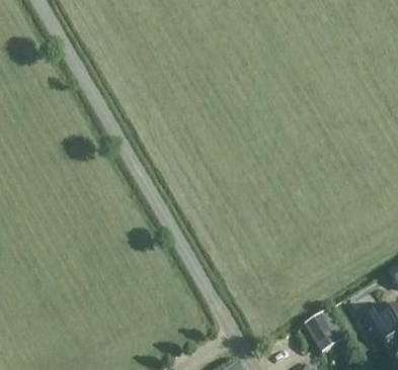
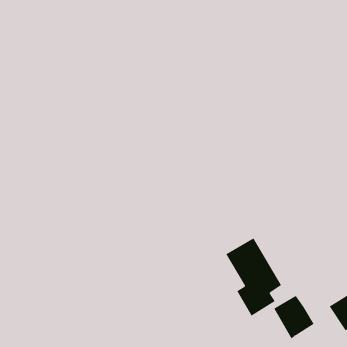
building: none -> [226,237,282,316]

